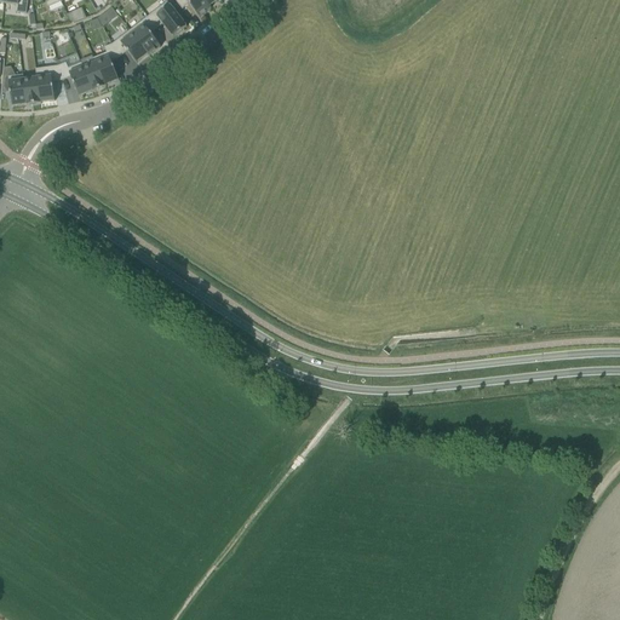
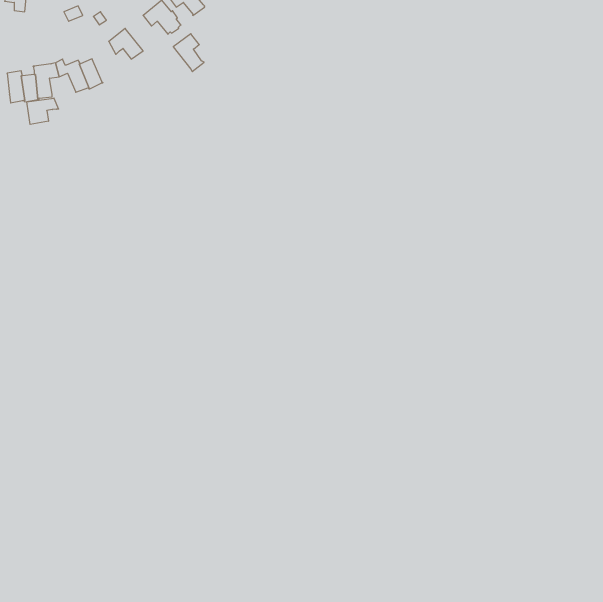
building: [128,16,160,54] -> [173,34,204,72]
building: [92,42,119,84] -> none
building: none -> [27,98,59,124]

